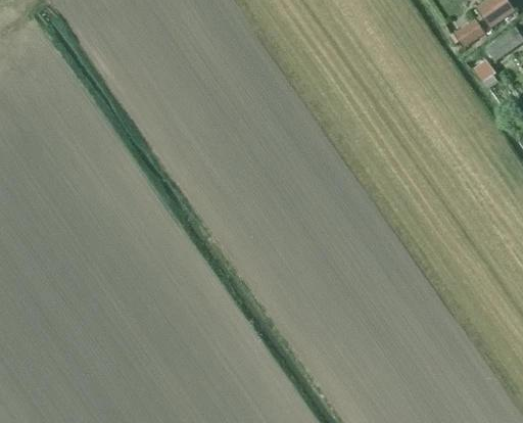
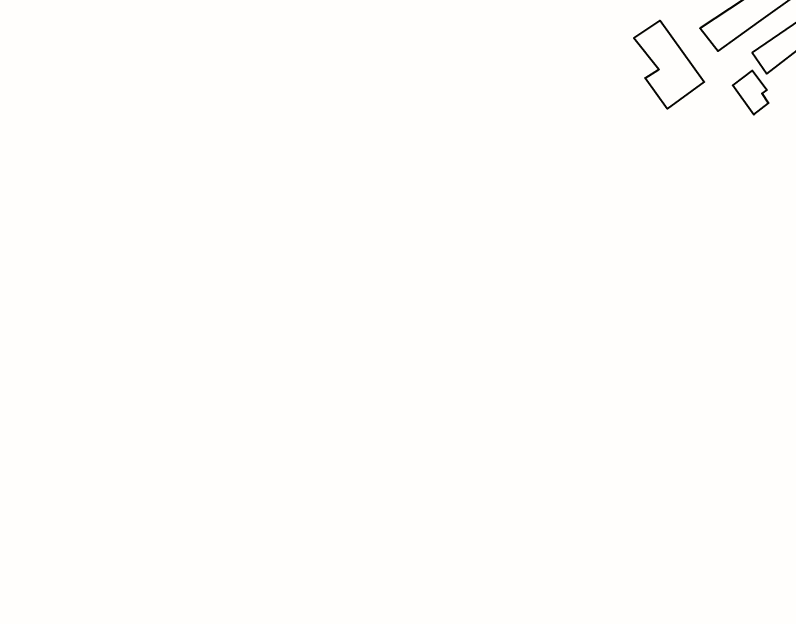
building: none -> [634,21,704,109]

